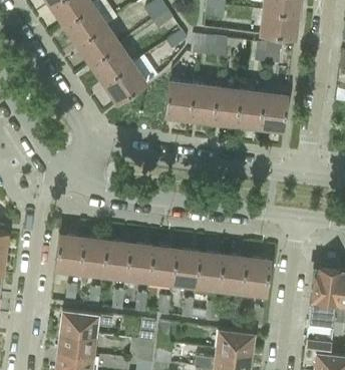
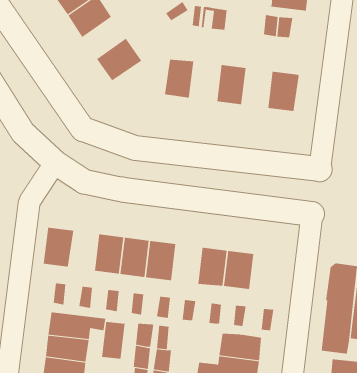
building: [91,45,131,83] -> none
building: [189,85,217,121] -> none
building: [236,91,263,127] -> none
building: [79,238,106,274] -> none
building: [172,250,200,286] -> none
building: [243,259,270,294] -> none
building: none -> [101,321,125,360]

